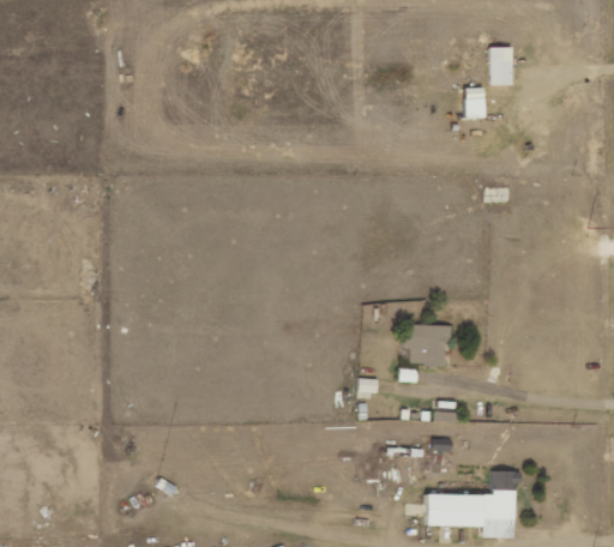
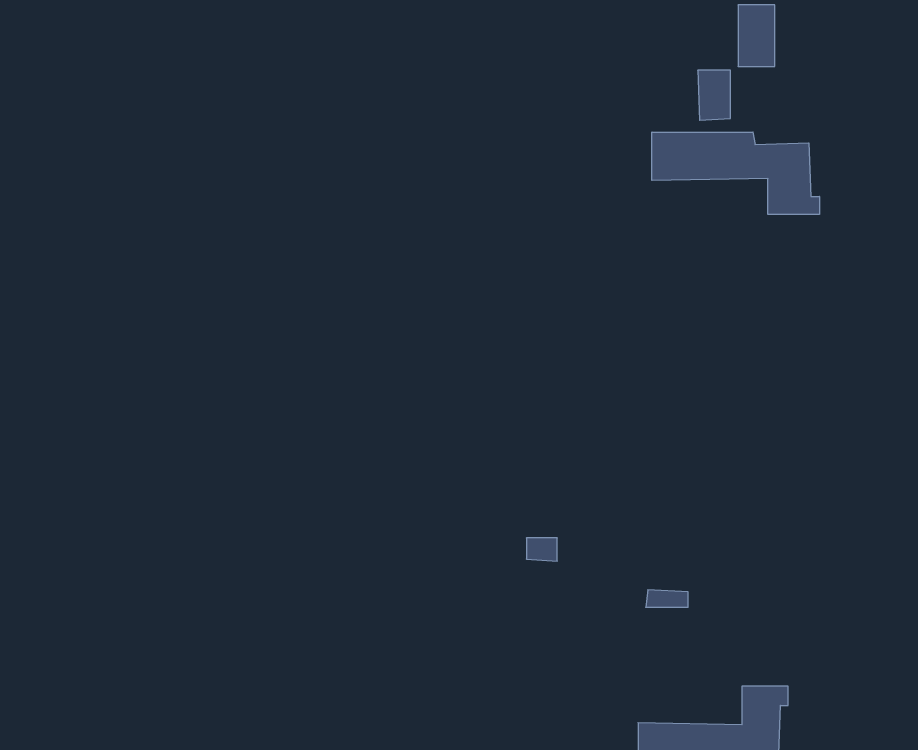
building: none -> [652,132,819,214]
building: [402,325,447,366] -> none

